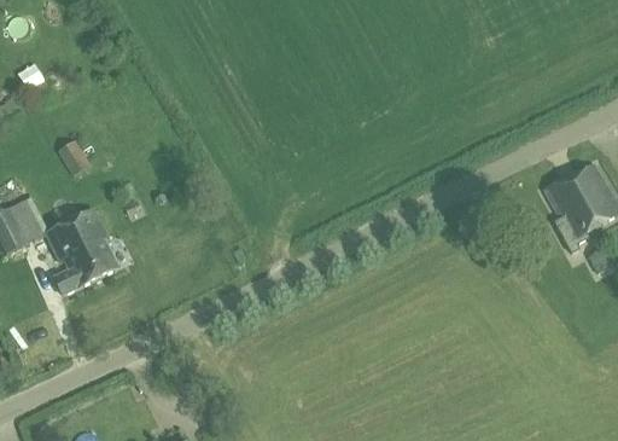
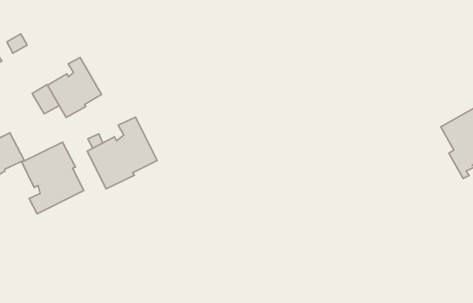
building: none -> [48,57,101,117]
building: none -> [87,117,157,189]

